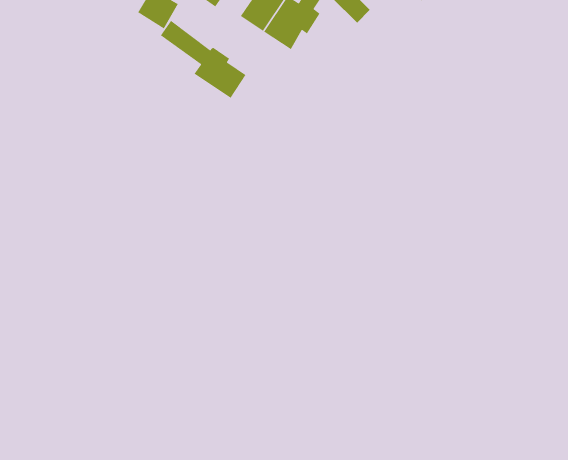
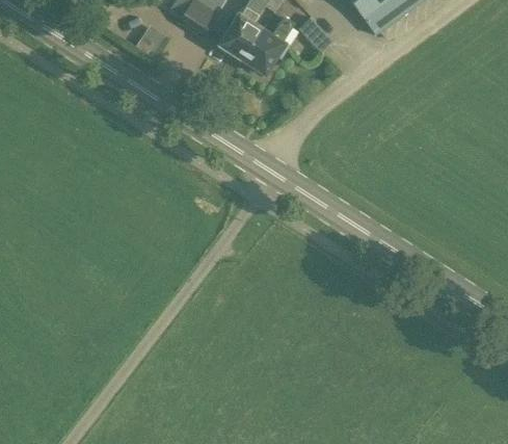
building: [160,20,246,99] -> none

